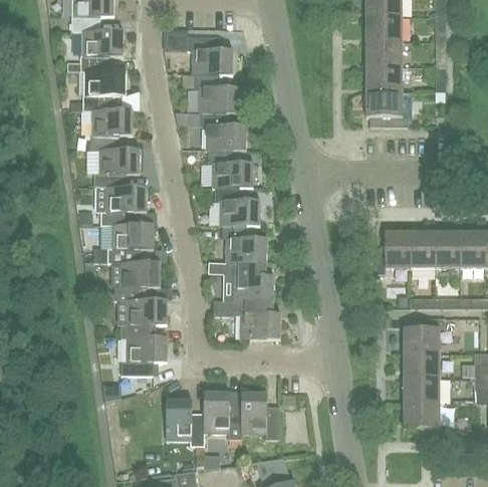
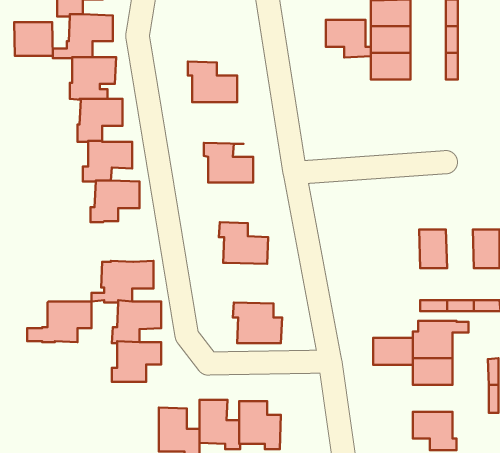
building: [166,32,232,74] -> none
building: none -> [14,22,53,56]
building: [364,90,407,126] -> [326,20,371,57]
building: [200,111,246,151] -> none
building: [215,187,261,225] -> none
building: [94,223,155,261] -> [27,301,91,342]
building: [376,231,411,272] -> none
building: [435,231,461,267] -> none
building: [229,262,274,300] -> none
building: [404,377,441,402] -> [373,338,413,365]

